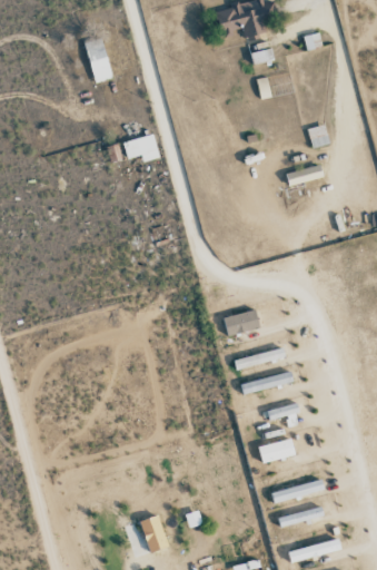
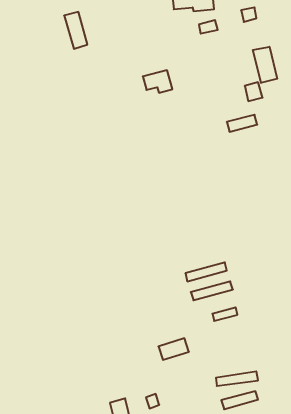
building: none -> [253,47,277,83]
building: [123,134,160,161] -> [143,70,172,93]
building: [224,308,260,335] -> none
building: [258,436,296,463] -> [158,338,189,360]

